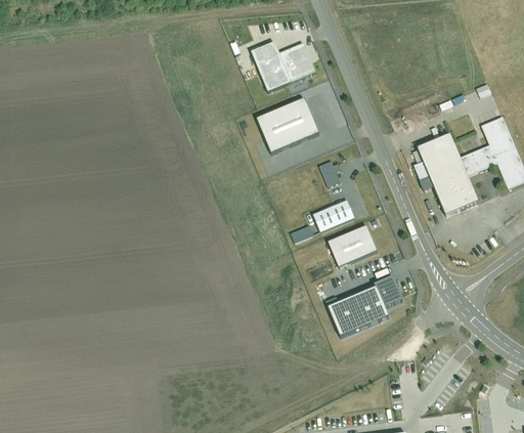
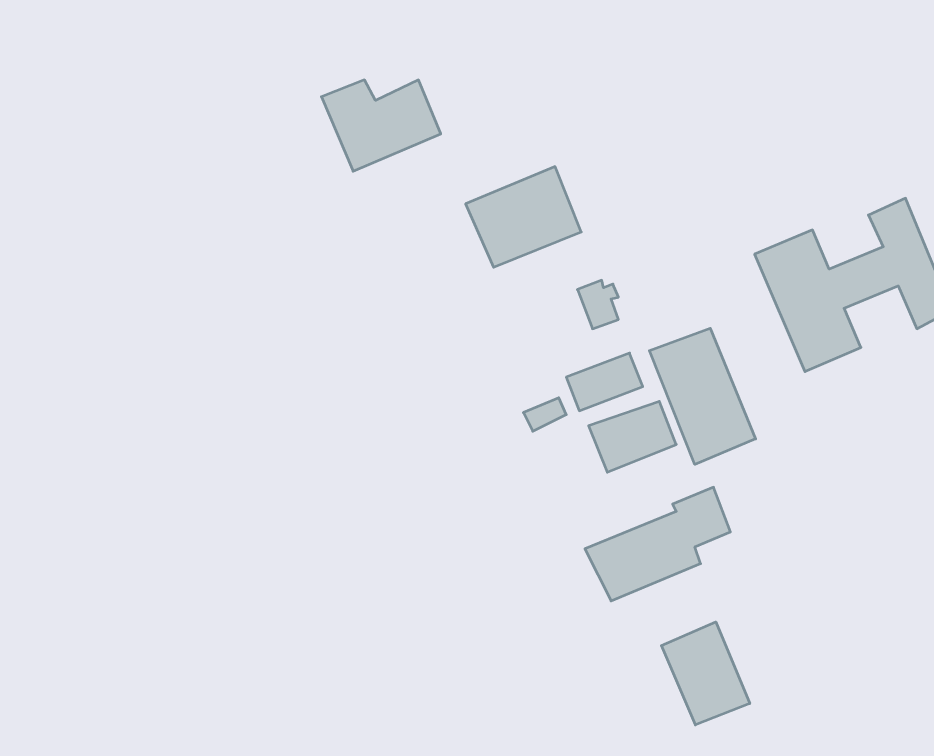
building: [249,41,314,91] -> [321,80,441,171]
building: none -> [649,328,756,464]
building: none -> [661,622,750,725]

